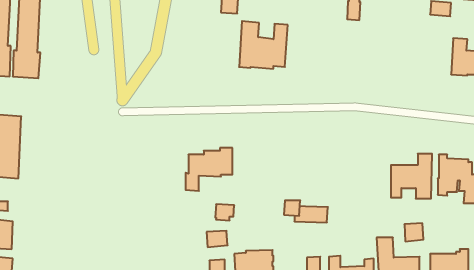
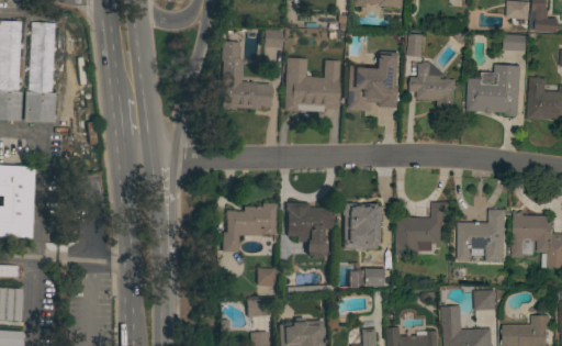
building: none -> [220,41,272,110]
building: none -> [345,53,398,111]
building: none -> [409,62,454,109]
building: none -> [467,65,520,116]
building: none -> [339,202,384,244]
building: none -> [396,202,448,252]
building: none -> [285,203,331,257]

